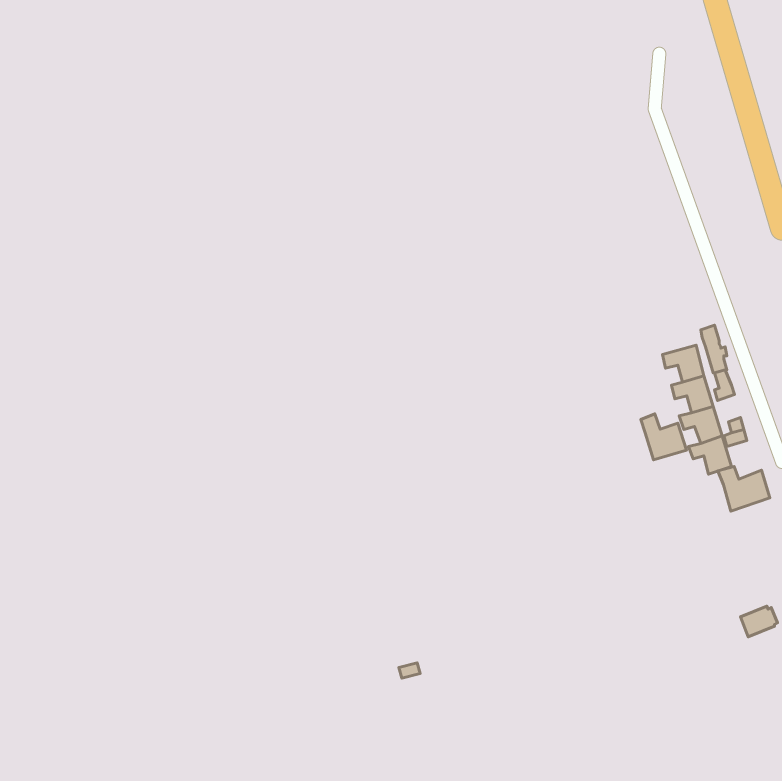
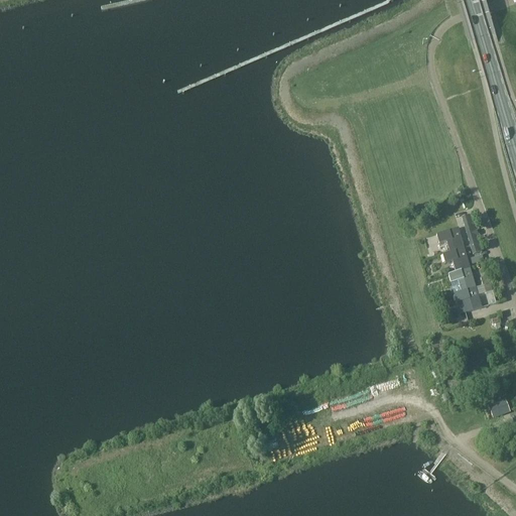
building: [641,414,686,460] -> none
building: [718,467,770,511] -> none

